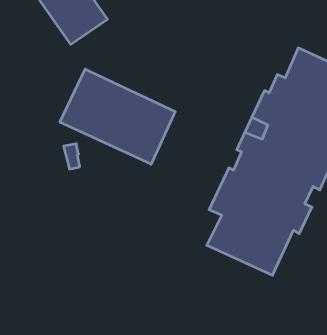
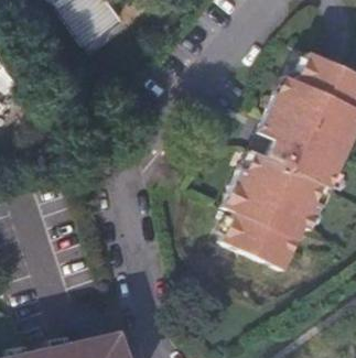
building: [60,69,175,164] -> none

